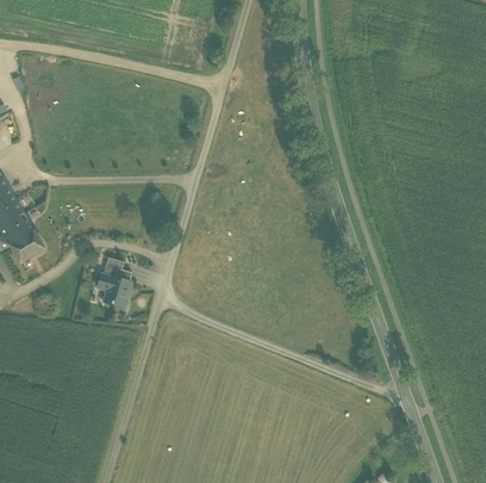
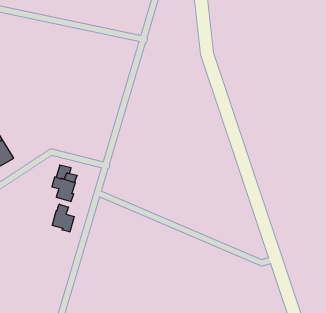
building: none -> [52,204,74,232]

